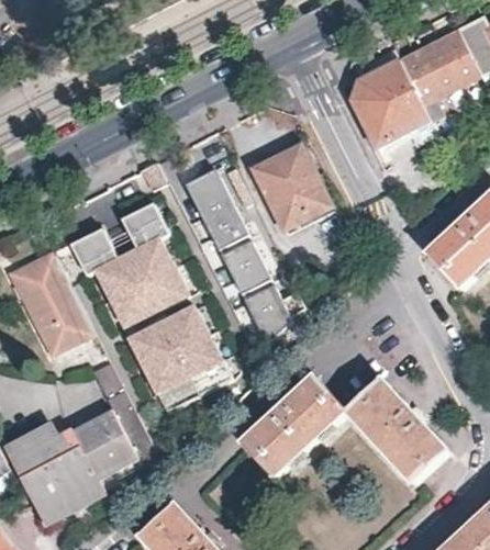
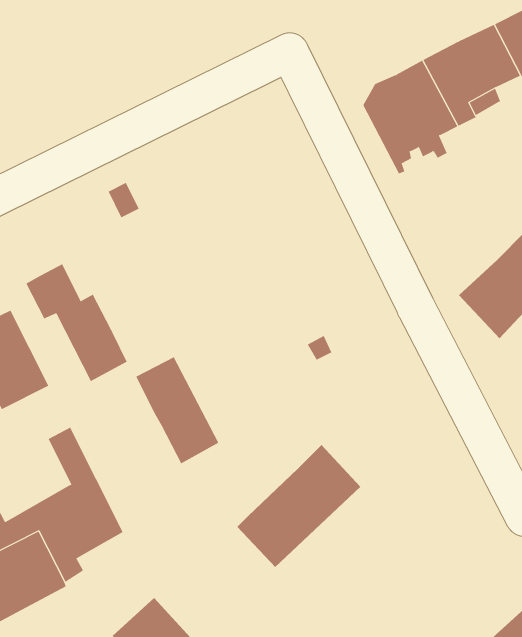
building: [248,143,330,232] -> none
building: [185,171,287,347] -> none
building: [118,201,185,307] -> none
building: [127,319,197,407] -> none
building: [346,379,447,481] -> none

